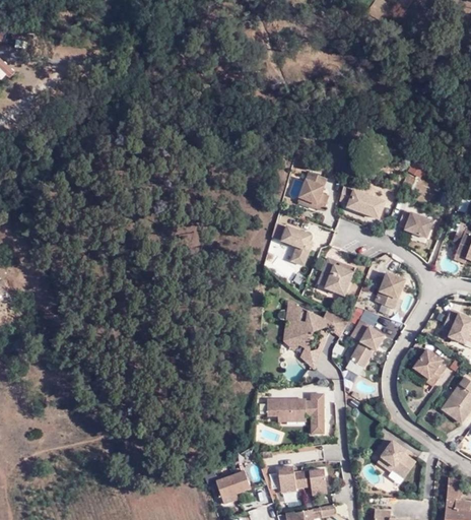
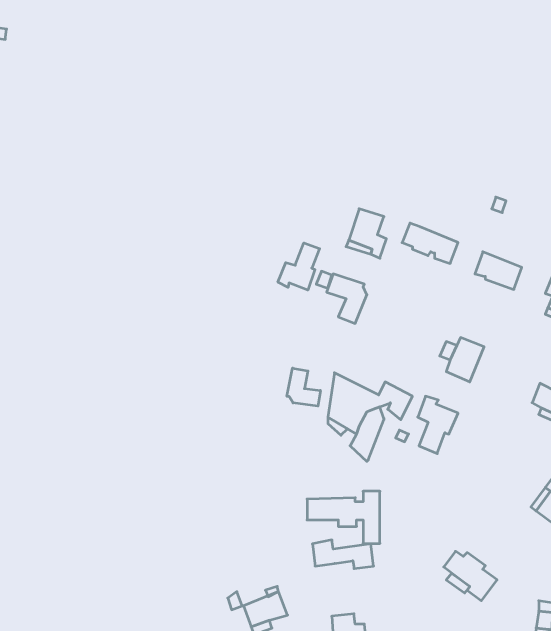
building: none -> [278,243,320,290]
building: [318,259,354,296] -> none
building: none -> [287,368,320,406]
building: [413,349,447,388] -> none
building: [278,465,326,488] -> [312,540,374,569]

